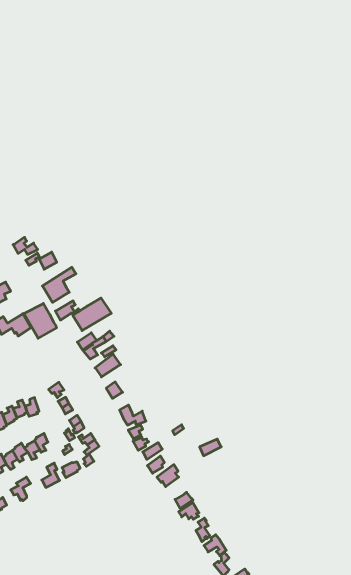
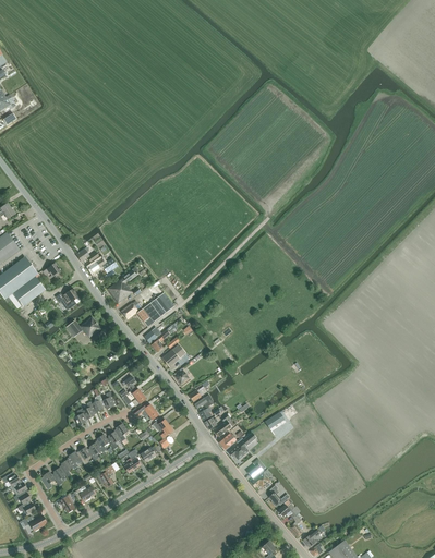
building: [24,303,56,338] -> none

